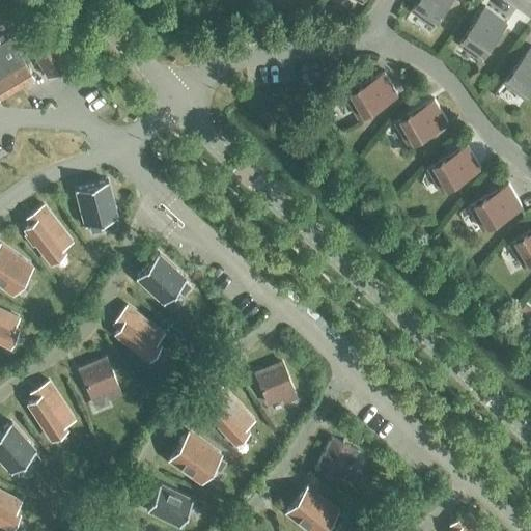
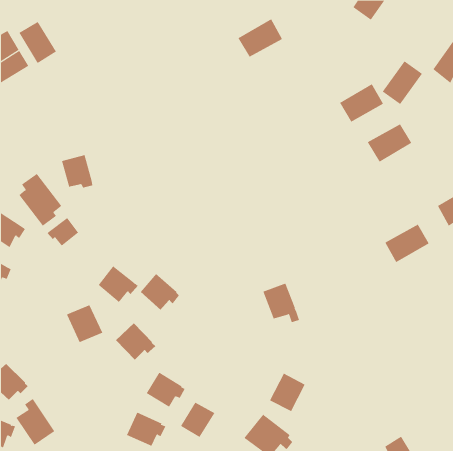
building: [460,9,508,61] -> [382,60,423,105]
building: [346,74,399,119] -> [238,19,283,58]
building: [471,186,524,231] -> [384,224,430,263]
building: none -> [47,217,79,246]
building: [136,257,183,301] -> [140,273,180,311]
building: [256,365,300,412] -> [263,283,300,323]
building: [28,383,75,438] -> [15,398,55,445]
building: [205,391,253,436] -> [115,322,156,361]
building: none -> [180,402,215,438]

